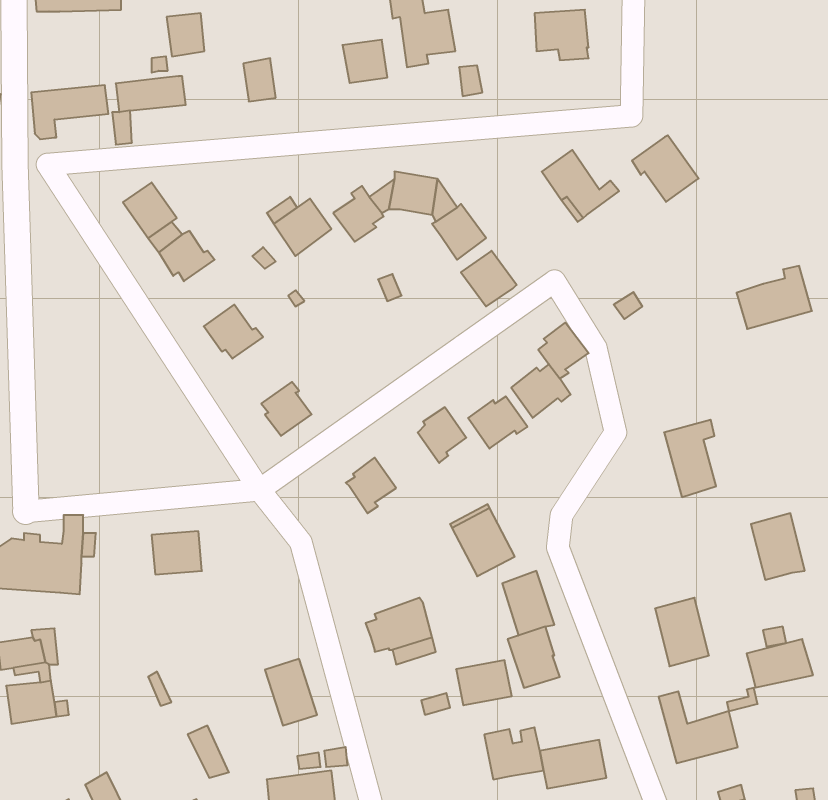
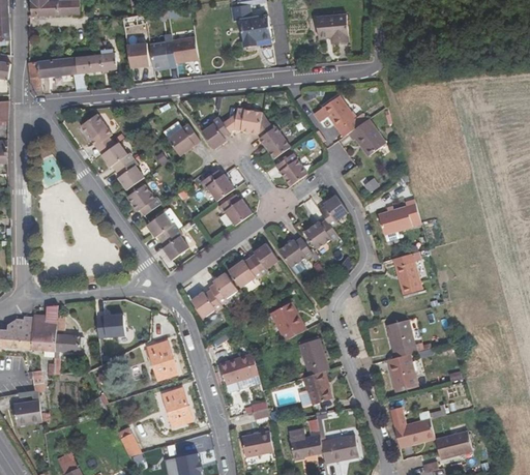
building: [167,13,204,56] -> [126,43,148,68]
building: [342,40,387,83] -> [171,37,197,62]
building: [632,135,699,202] -> [347,118,385,156]
building: none -> [115,158,143,189]
building: [736,266,812,329] -> [377,199,420,235]
building: none -> [200,170,233,201]
building: none -> [217,194,252,226]
building: none -> [145,212,177,241]
building: none -> [228,258,262,288]
building: none -> [189,289,222,318]
building: [751,513,805,580] -> [385,319,416,357]
building: none -> [54,333,79,358]
building: none -> [147,340,177,380]
building: [747,639,813,688] -> [434,431,472,458]
building: [456,660,512,705] -> [240,431,272,456]

